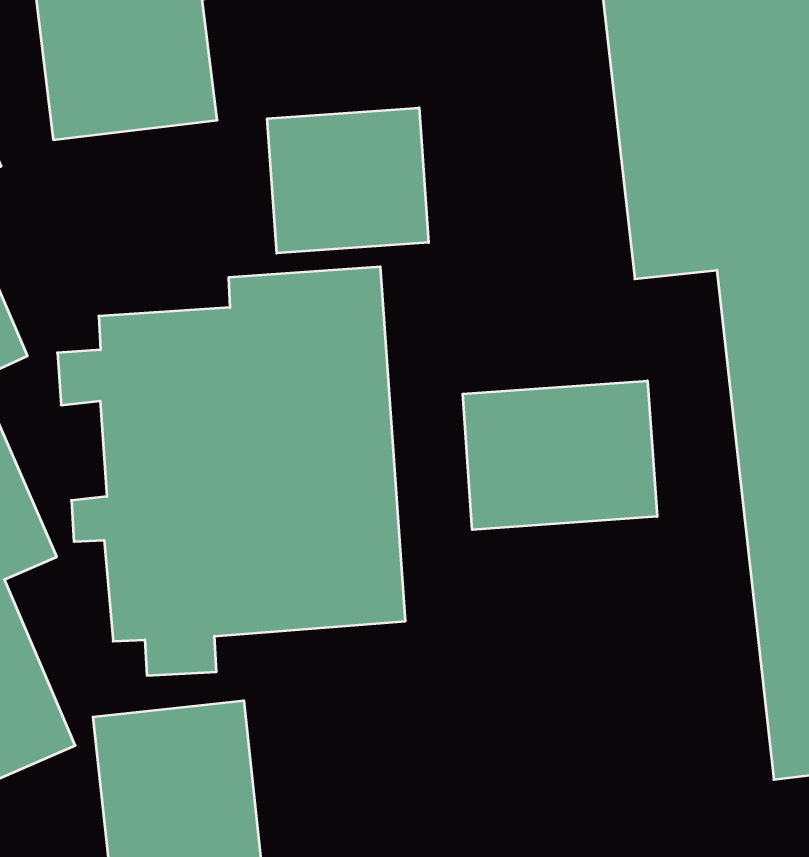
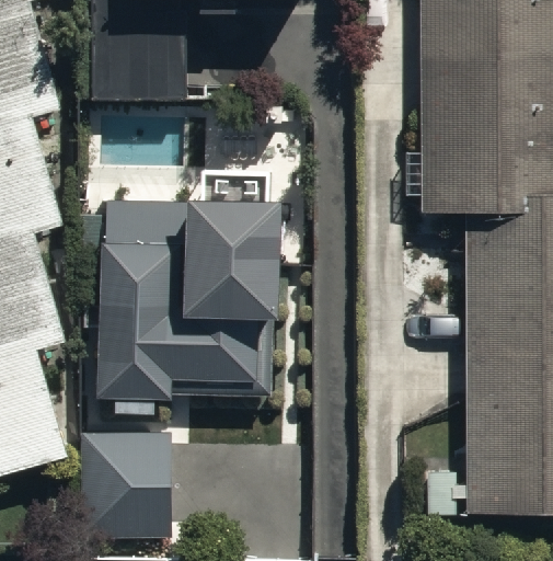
building: [267,108,429,253] -> none
building: [463,381,657,530] -> none

